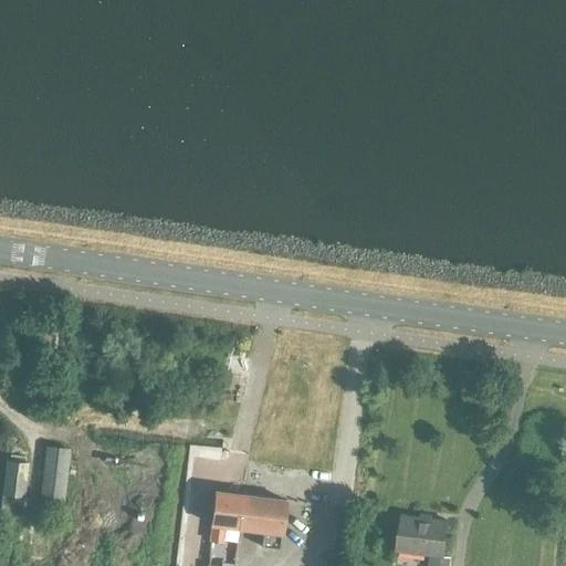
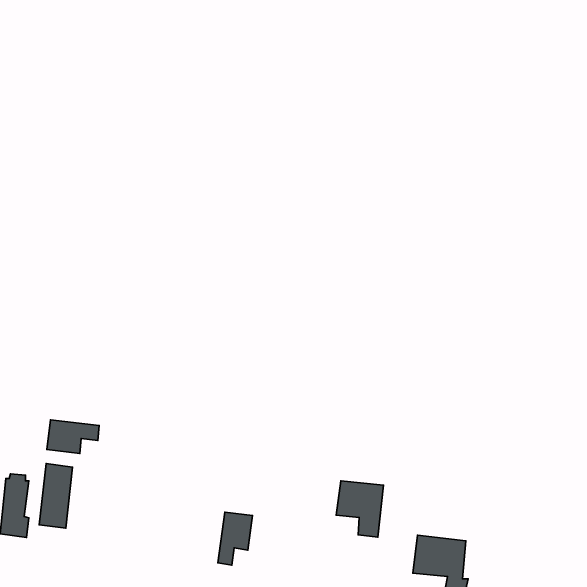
building: none -> [47,420,99,453]
building: [238,496,283,551] -> [336,481,384,537]

